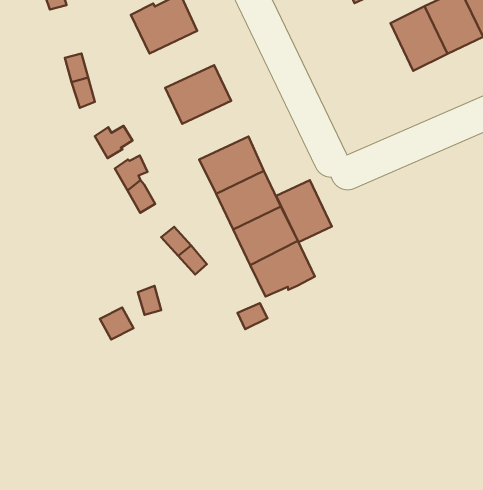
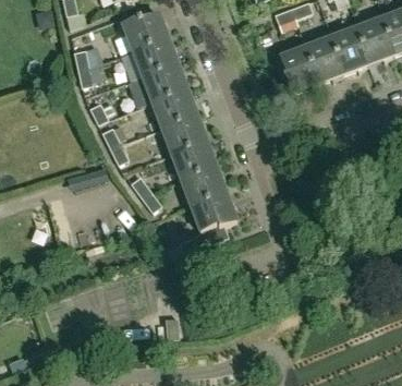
building: none -> [281,47,318,92]
building: none -> [134,40,179,79]
building: none -> [153,92,198,131]
building: [276,180,332,242] -> none

